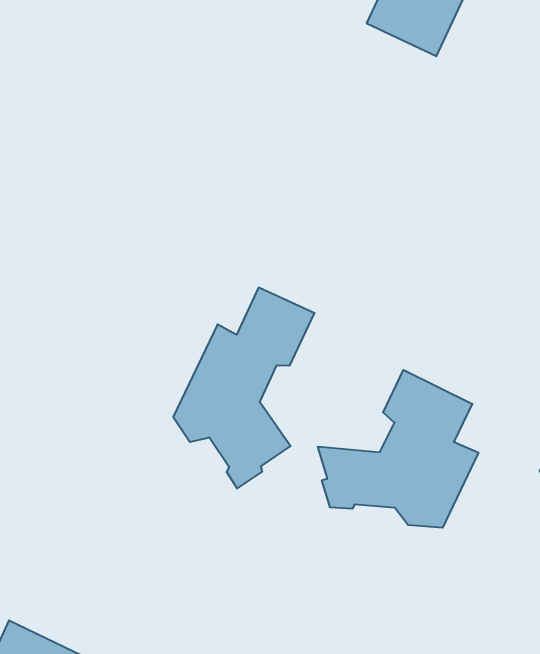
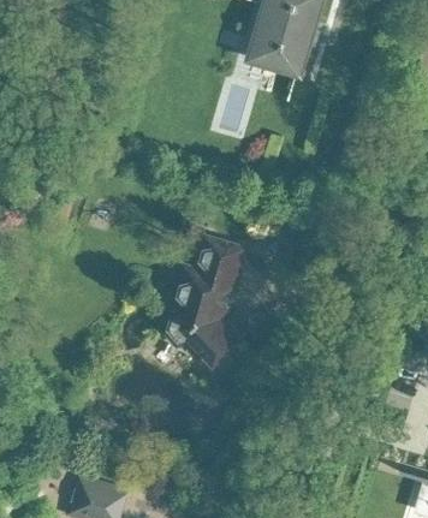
building: [318,370,478,528] -> none

